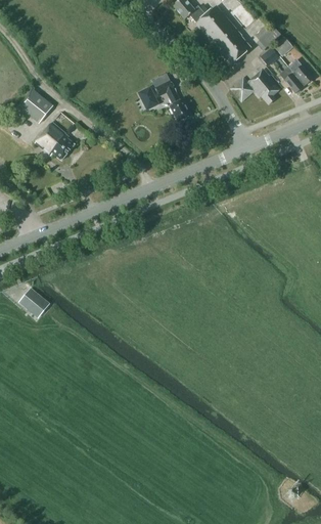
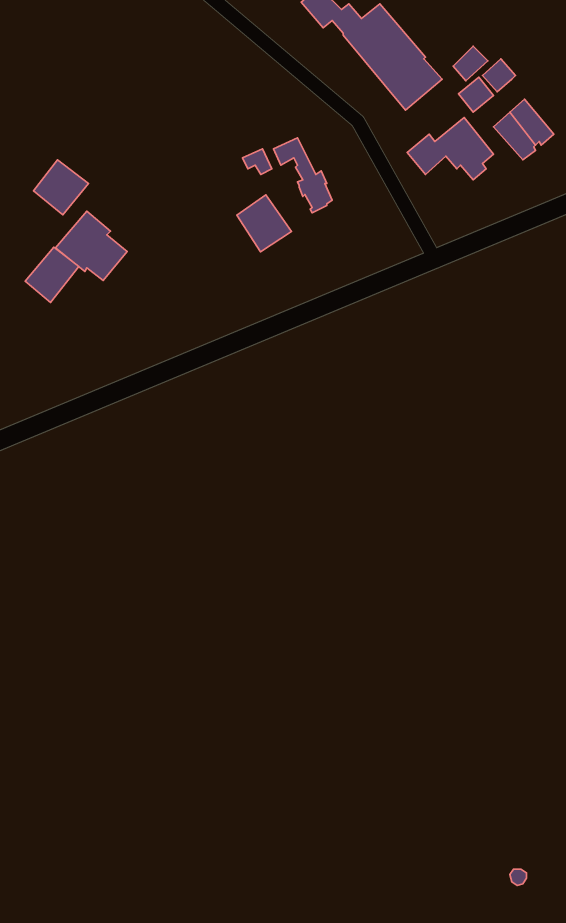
building: none -> [237,195,291,252]
building: none -> [25,247,79,302]
building: [18,287,50,317] -> none

